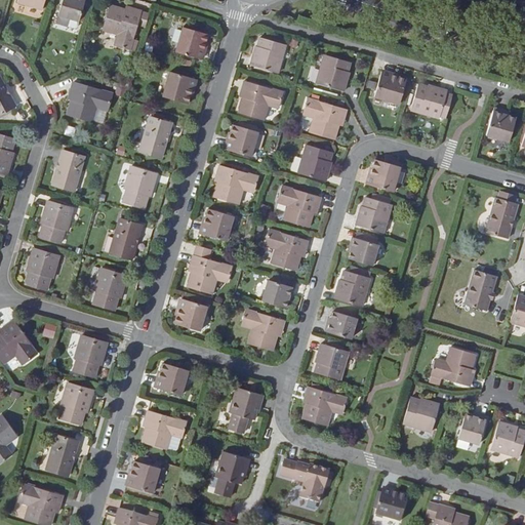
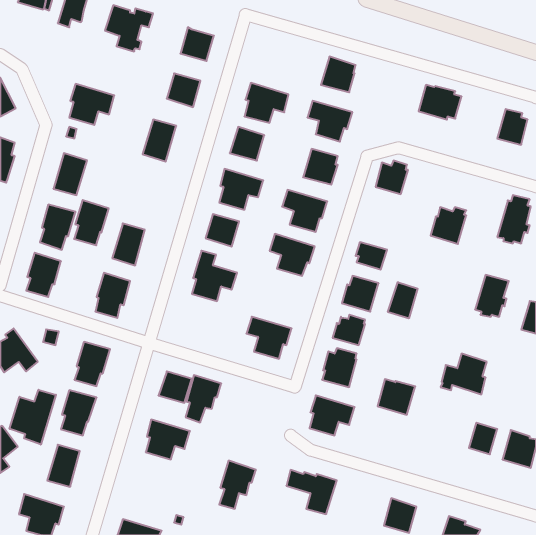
building: [251,38,286,74] -> none
building: [373,72,404,103] -> none
building: [123,165,157,209] -> [74,200,109,245]
building: [356,196,391,232] -> [431,207,466,244]
building: [261,275,294,307] -> none
building: none -> [388,282,418,318]
building: [173,298,207,330] -> none
building: none -> [10,390,56,445]
building: [229,387,264,433] -> [186,375,221,422]
building: [403,396,440,431] -> [378,379,415,415]
building: [127,460,159,493] -> none

